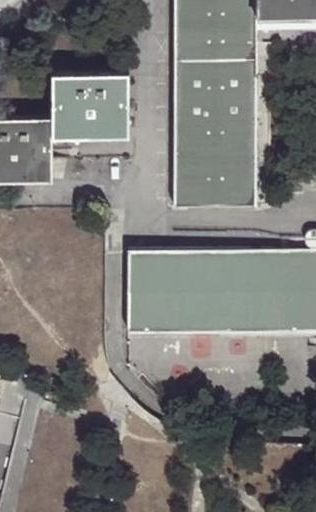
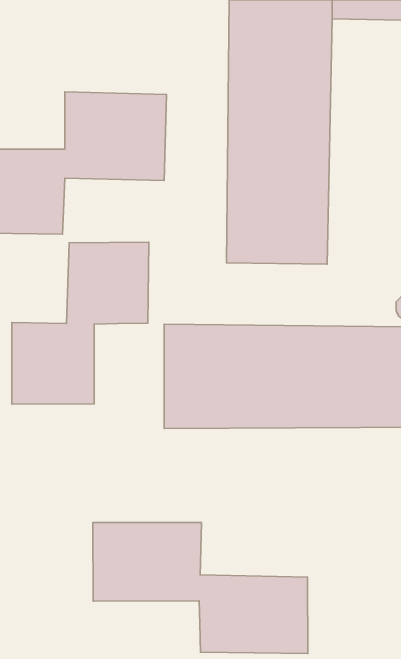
building: none -> [12,242,149,404]
building: none -> [93,522,308,653]

